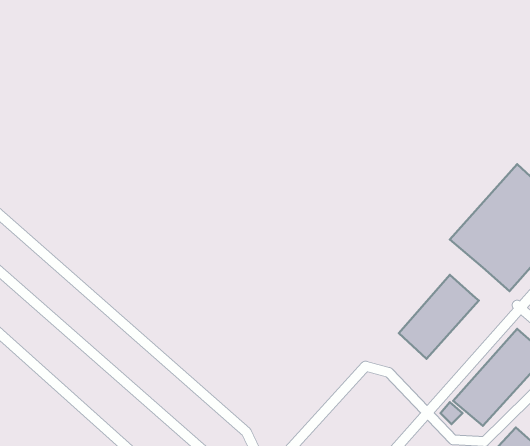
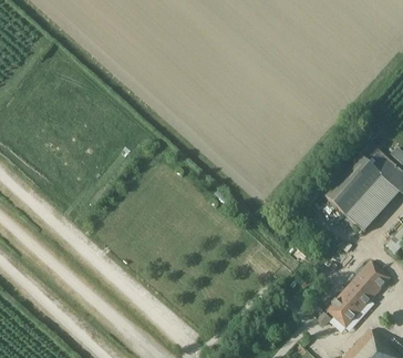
building: [399,275,479,359] -> none

